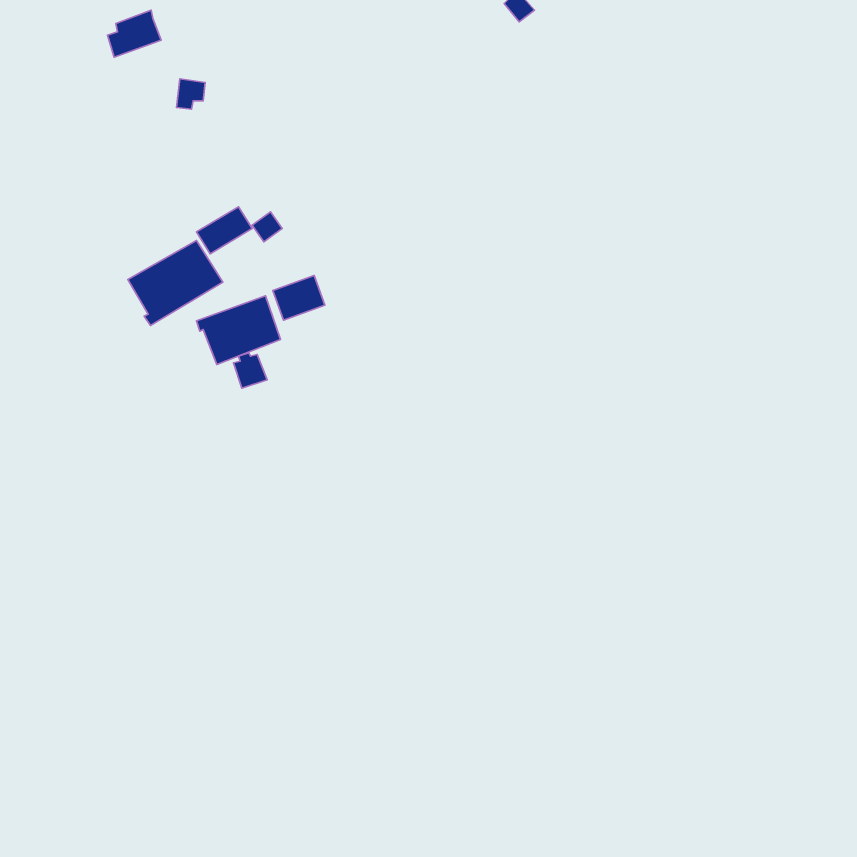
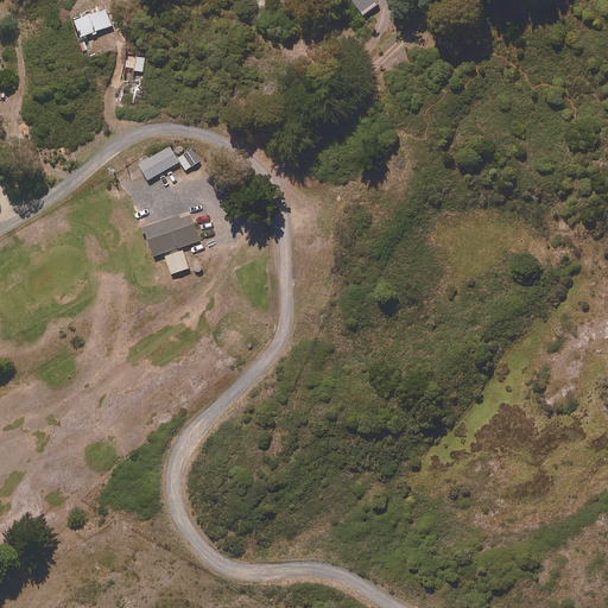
building: [128,240,223,326] -> none
building: [273,275,325,320] -> none

